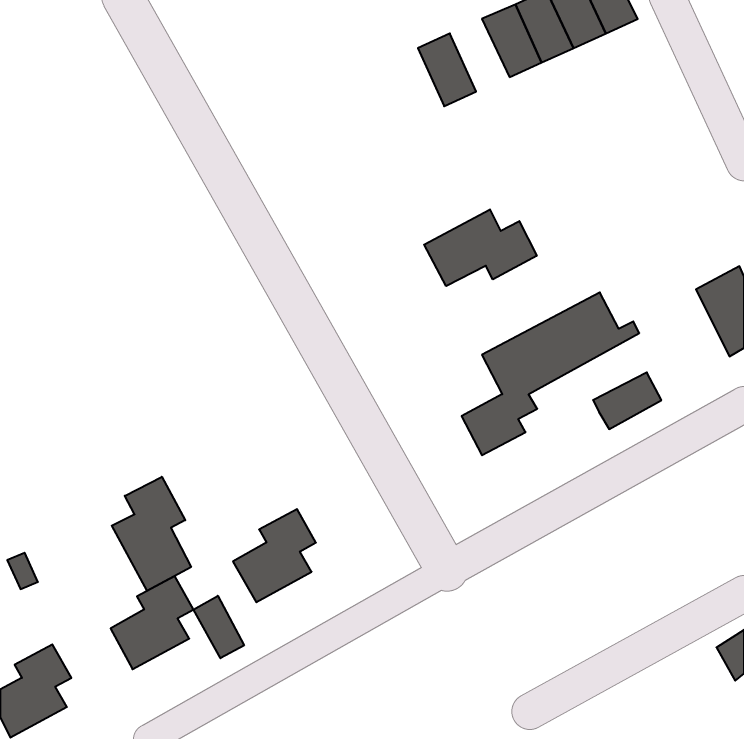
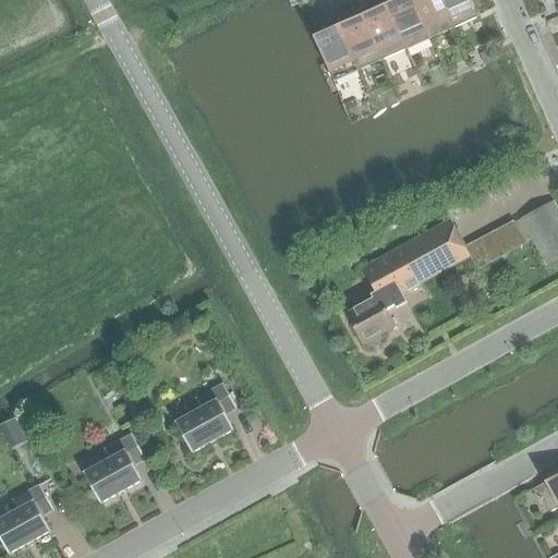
building: none -> [337,14,381,69]
building: [424,209,537,286] -> none
building: [593,372,661,429] -> [474,220,525,263]
building: [112,477,191,591] -> none
building: [194,596,244,658] -> none

